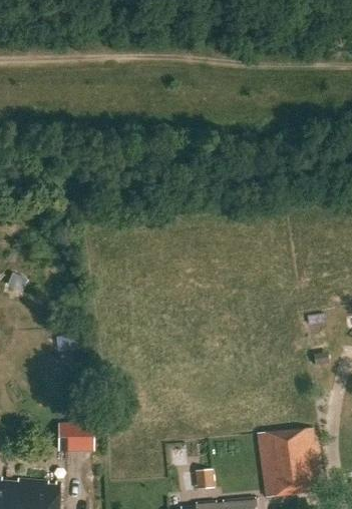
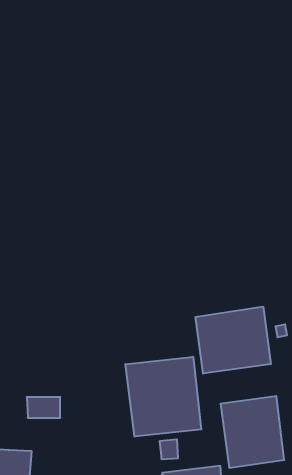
building: none -> [196,307,271,374]
building: none -> [125,357,201,437]

